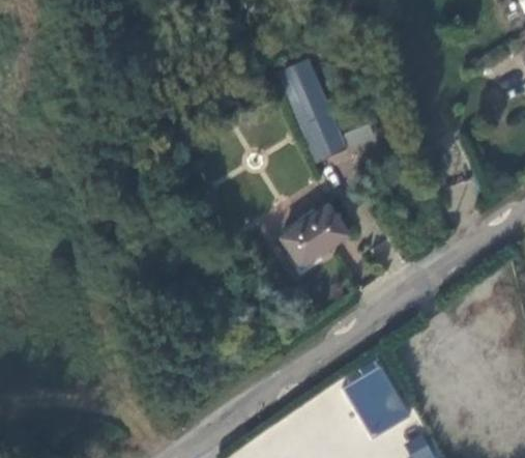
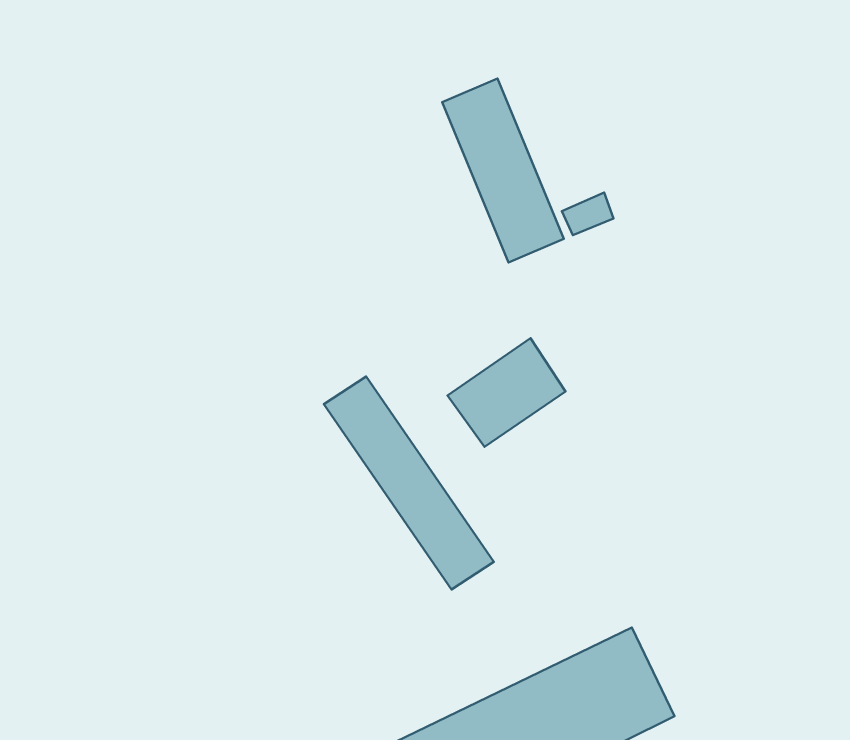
building: none -> [324,377,494,589]

